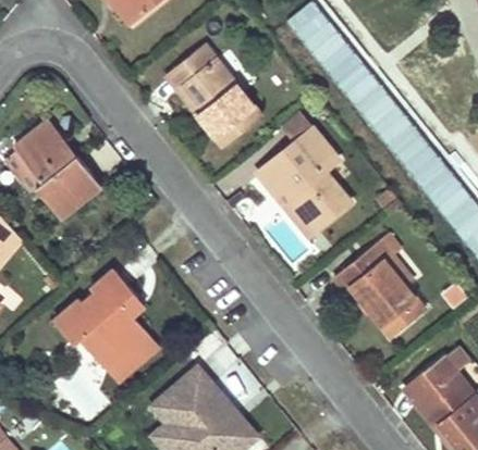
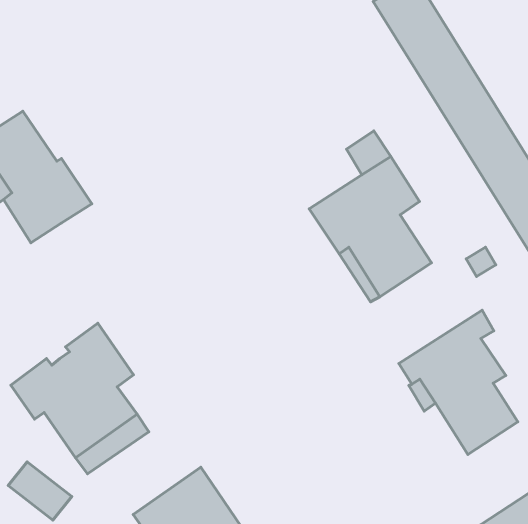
building: [168,48,260,146] -> none

